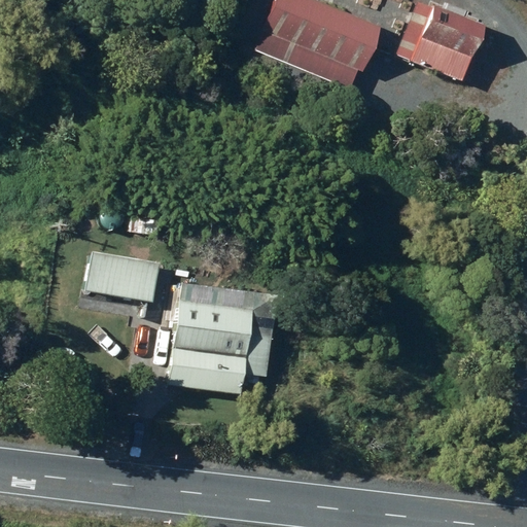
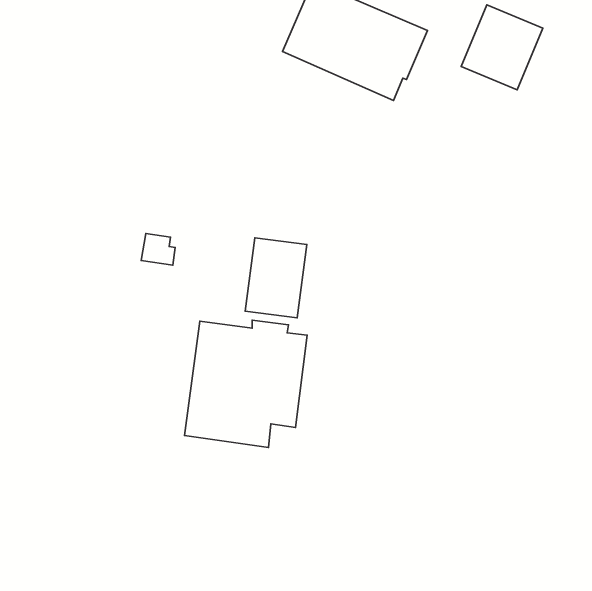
building: none -> [245,238,307,318]
building: [84,251,157,301] -> none

